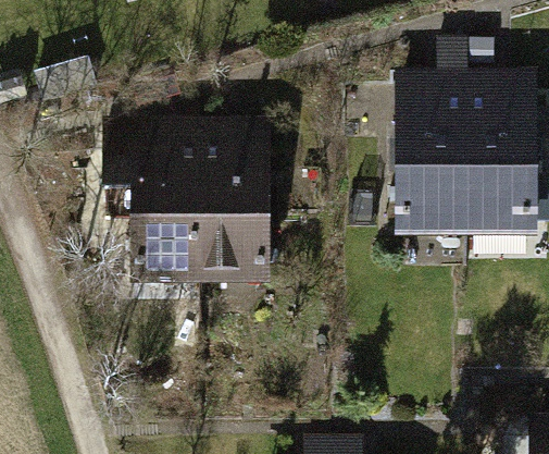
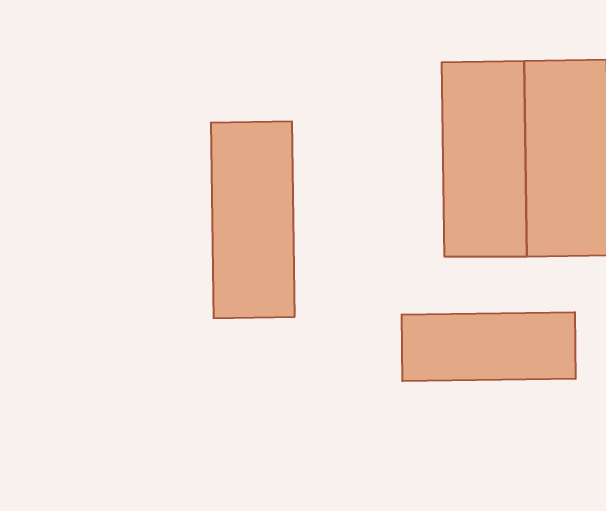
building: [134,122,204,285] -> none
building: none -> [402,312,576,381]

